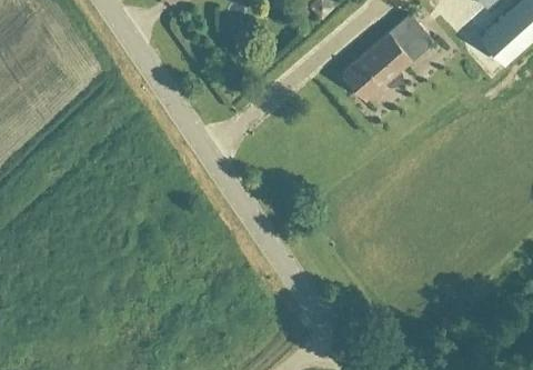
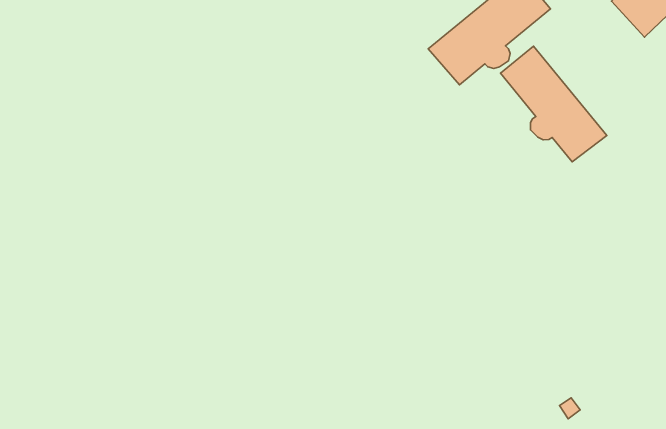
building: none -> [500,46,607,162]

